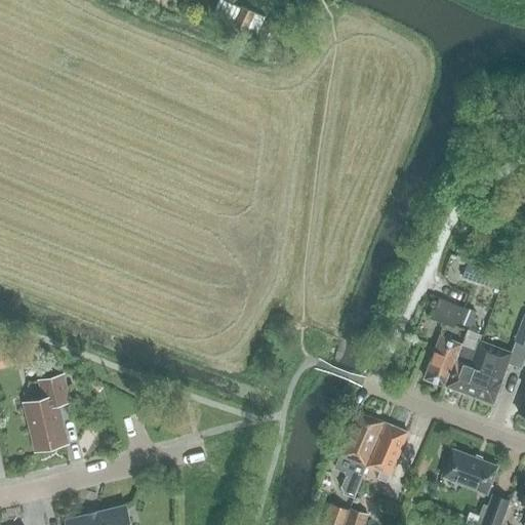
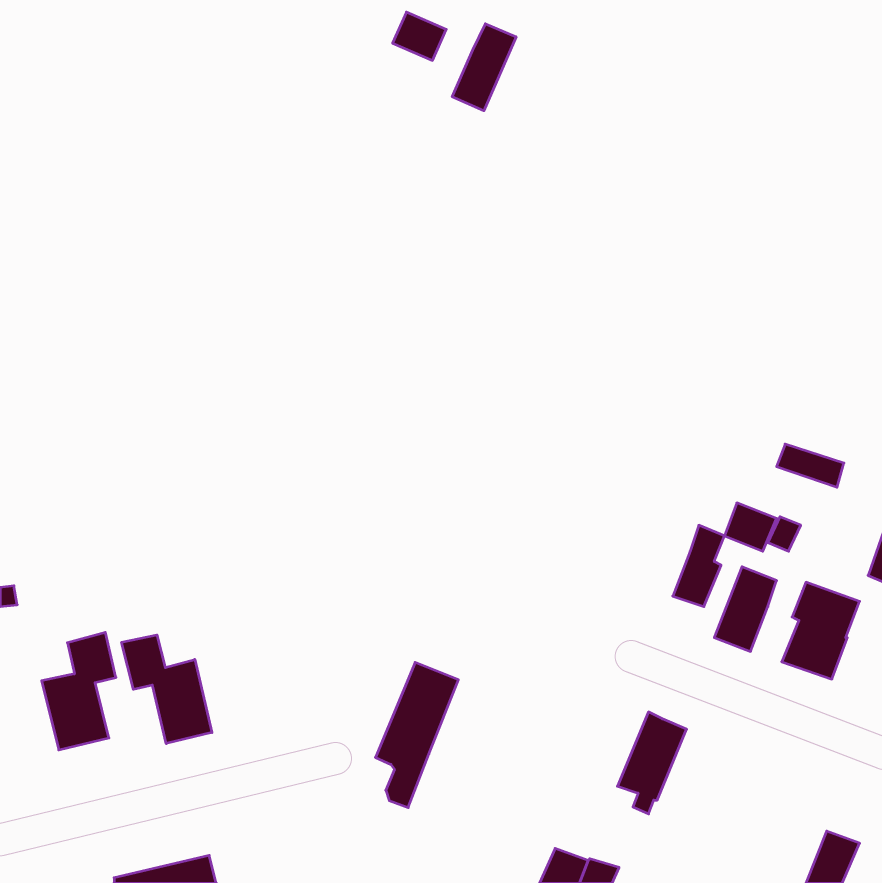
building: none -> [452,24,516,111]
building: [446,345,477,393] -> [673,525,725,607]
building: none -> [122,635,212,744]
building: [335,412,385,498] -> [375,662,458,808]
building: [443,449,498,494] -> none

